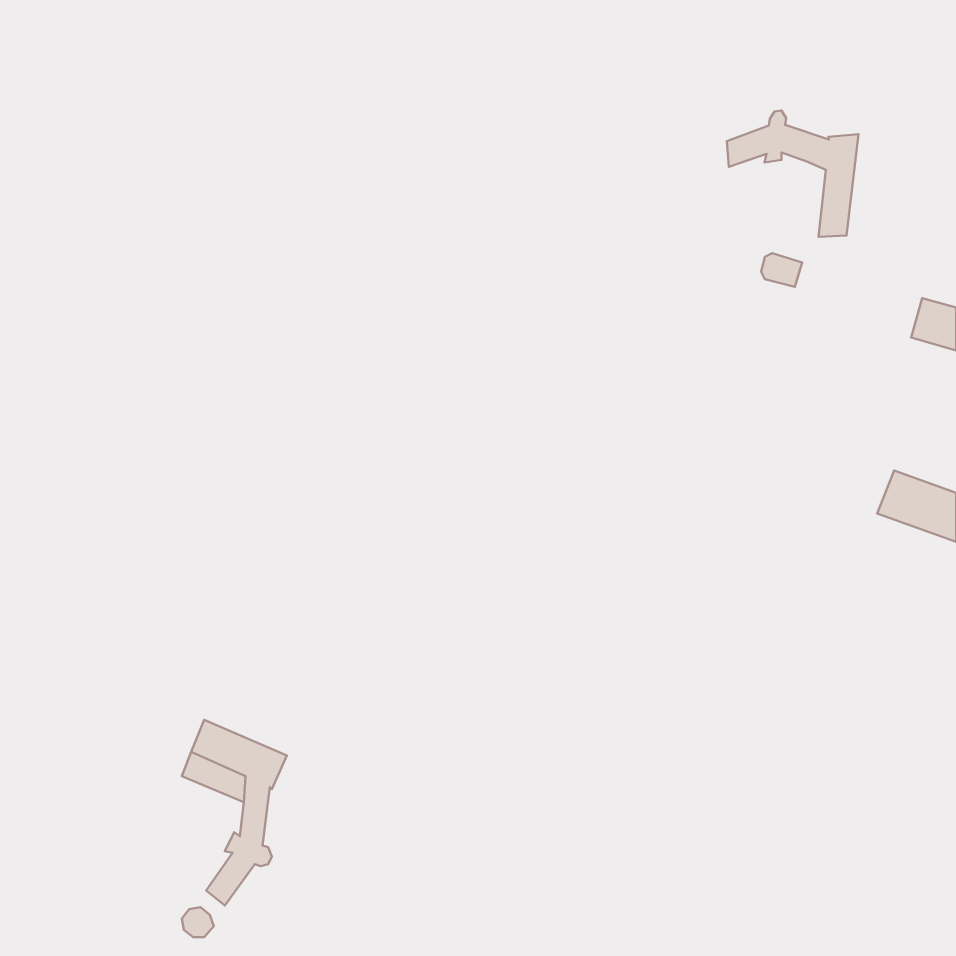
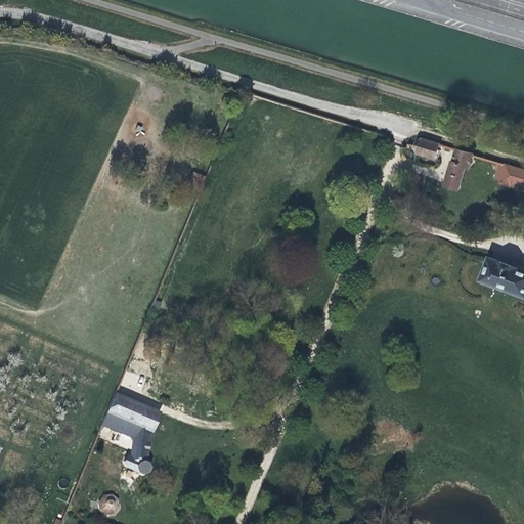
building: [727,111,858,237] -> none
building: none -> [445,148,474,189]

